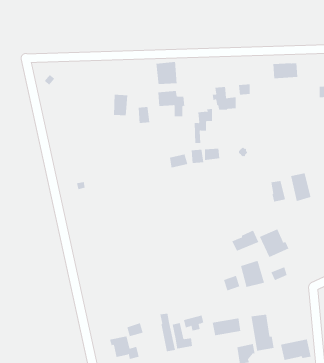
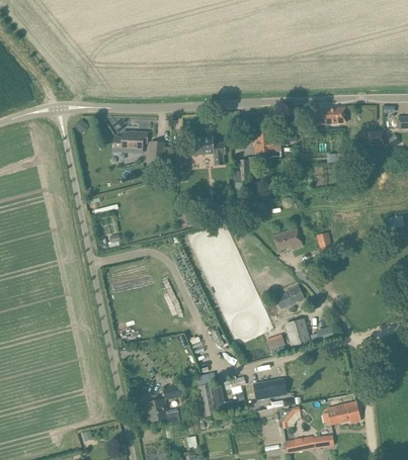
building: [156,61,177,85] -> none
building: none -> [114,132,148,152]
building: [290,173,311,202] -> none
building: none -> [273,227,303,251]
building: [259,229,289,258] -> none
building: [251,314,274,351] -> none

